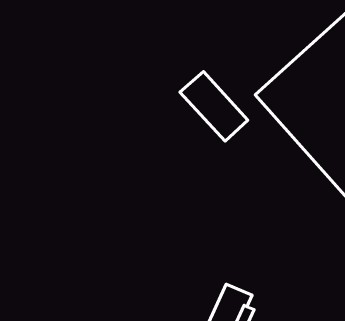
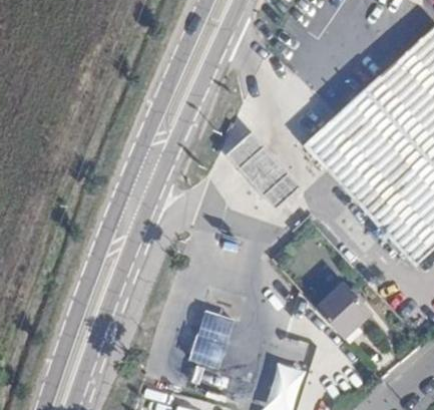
building: none -> [316,284,369,337]
building: none -> [187,304,230,359]

